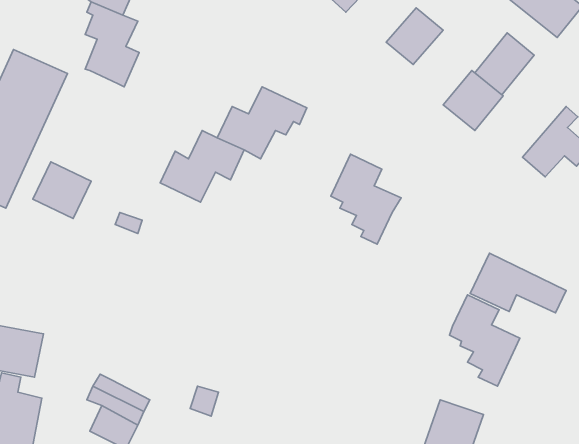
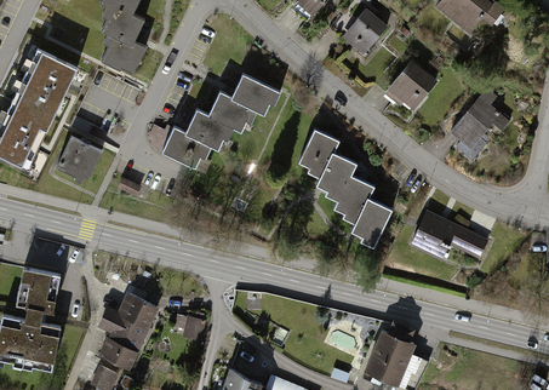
building: [475,33,534,95] -> none
building: [450,295,520,386] -> [332,176,389,250]
building: none -> [120,292,160,327]

